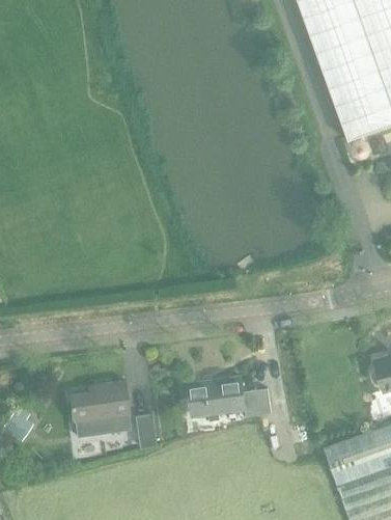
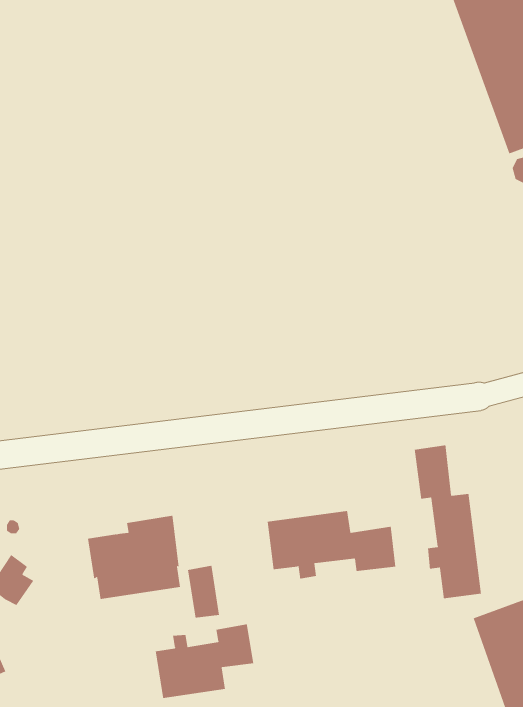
building: none -> [414,444,481,599]
building: none -> [155,624,254,699]

